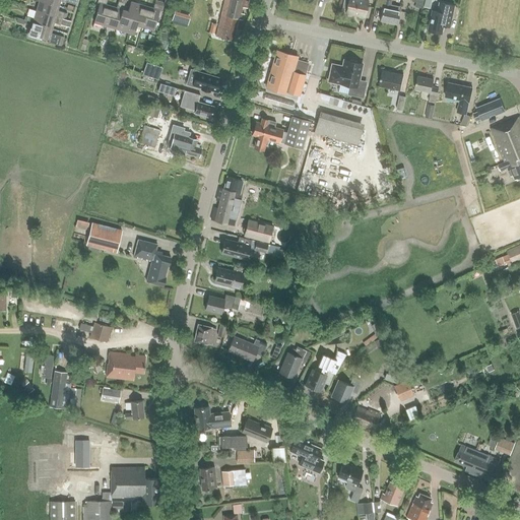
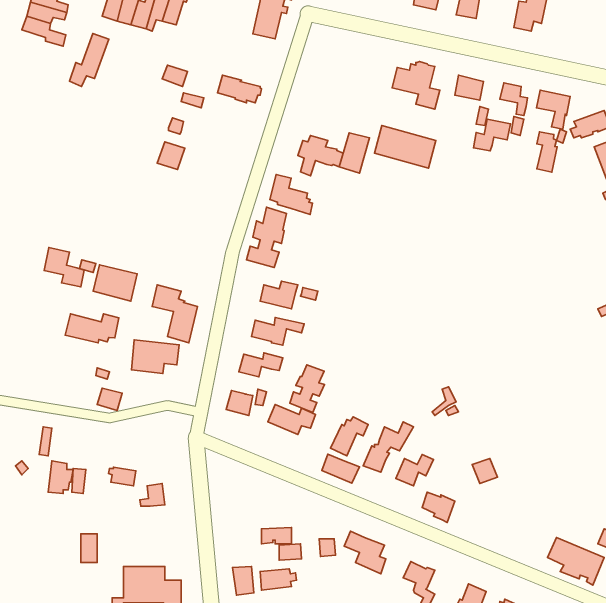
building: none -> [70,33,109,86]
building: [266,52,308,94] -> none
building: [179,90,213,118] -> none
building: none -> [473,119,510,151]
building: none -> [537,132,557,172]
building: [167,125,201,157] -> [270,174,313,215]
building: none -> [44,247,84,287]
building: [244,220,272,243] -> none
building: none -> [65,314,119,343]
building: none -> [290,365,324,413]
building: [107,352,145,380] -> [132,340,179,374]
building: [194,406,231,429] -> none
building: [242,418,272,442] -> [322,454,359,483]

